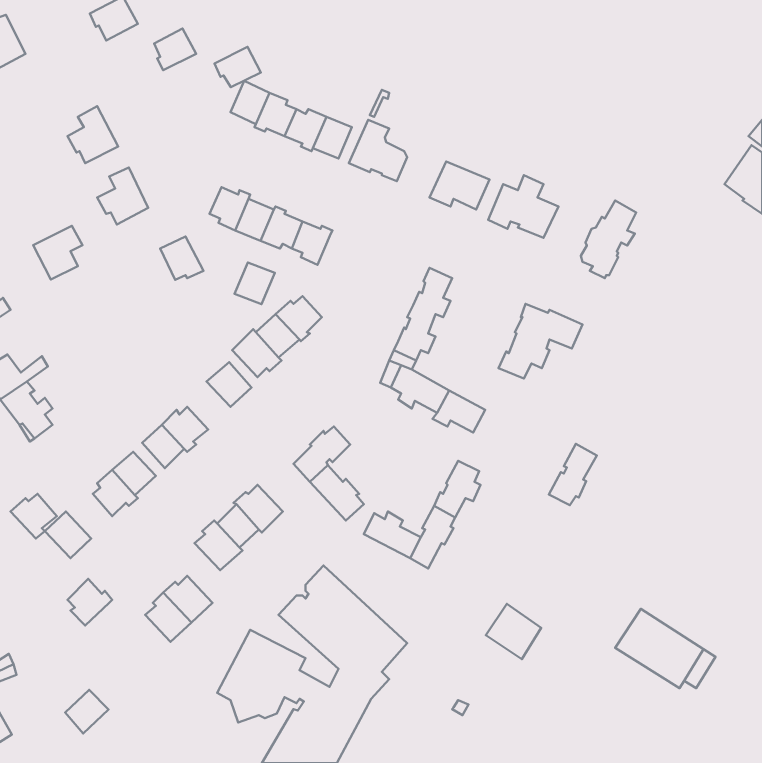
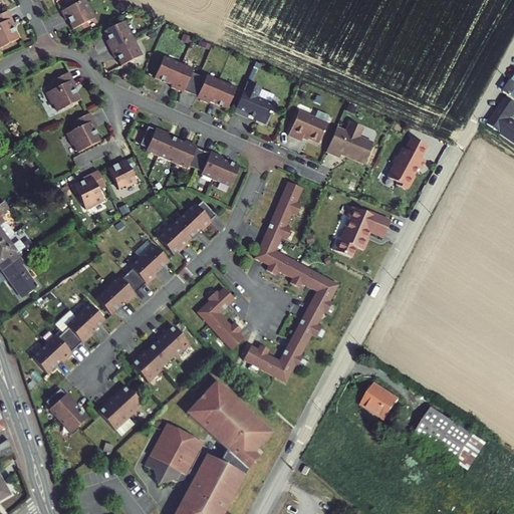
building: [214,47,261,87] -> [109,36,141,63]
building: [33,226,82,280] -> [72,172,105,208]
building: [235,262,275,304] -> [213,157,240,185]
building: none -> [125,256,156,288]
building: [549,444,597,505] -> [307,275,339,316]
building: [10,494,57,539] -> [44,331,75,361]
building: [486,604,541,659] -> [359,383,397,421]
building: [65,690,109,733] -> [57,405,86,434]

